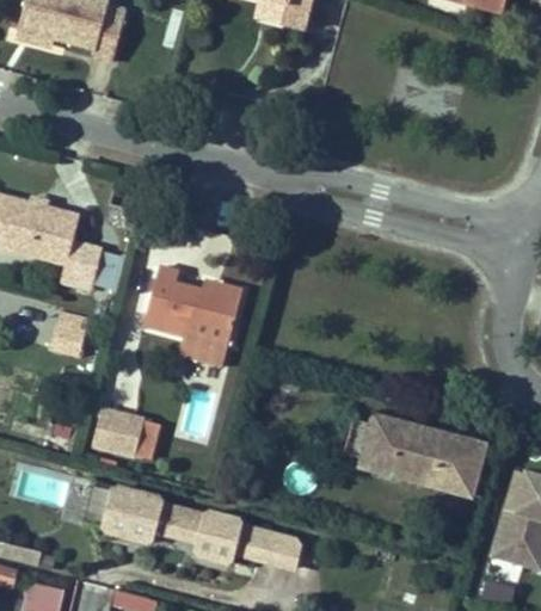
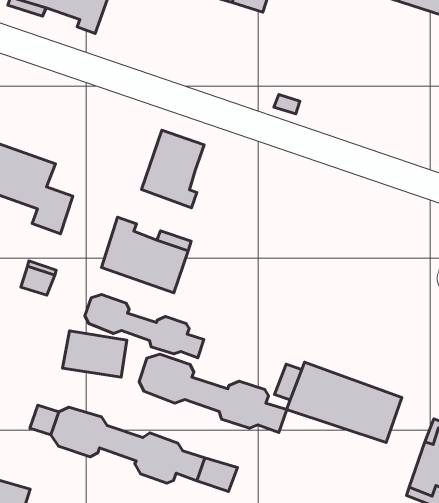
building: none -> [141,130,204,208]
building: none -> [85,294,204,358]
building: none -> [139,354,287,433]

